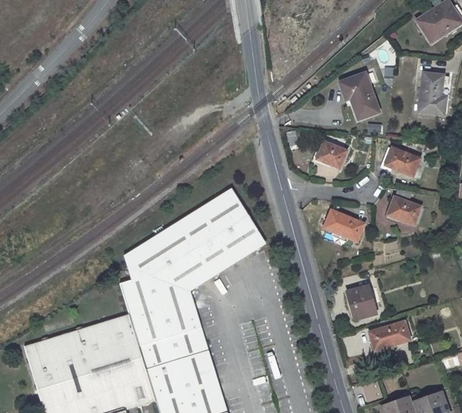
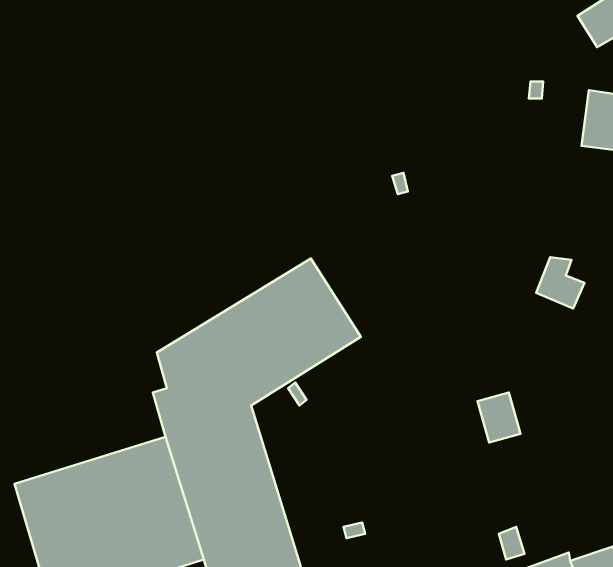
building: [345,72,379,118] -> none
building: [317,140,347,167] -> none
building: [385,146,420,175] -> none
building: [324,209,365,240] -> none
building: [369,320,411,349] -> none

